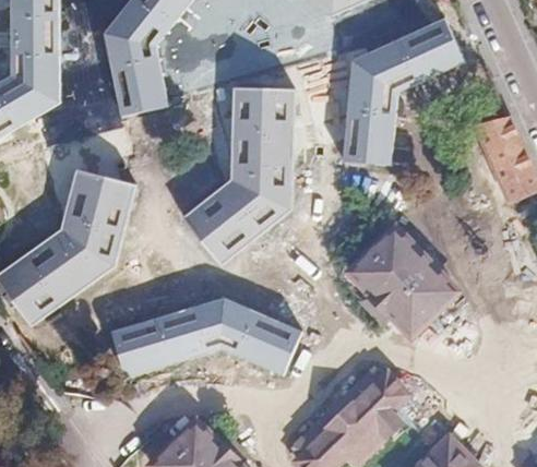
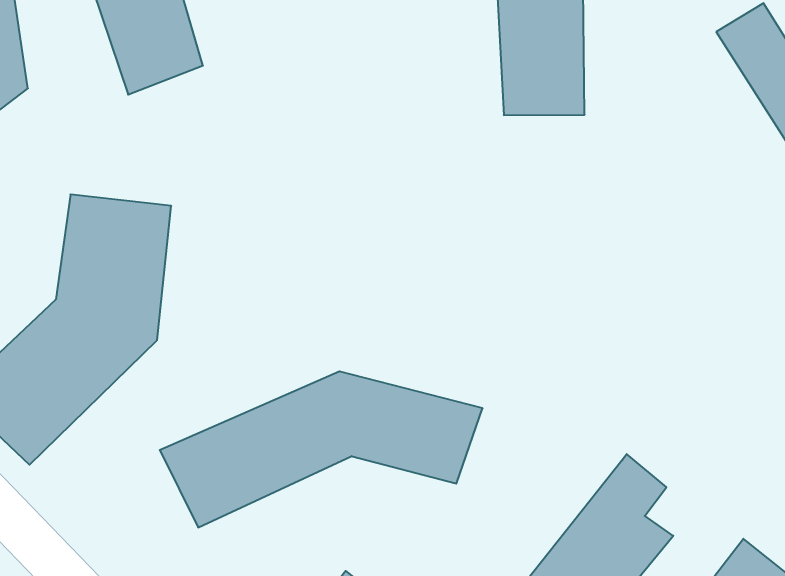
building: [183,85,291,265] -> none
building: [350,225,457,335] -> none

